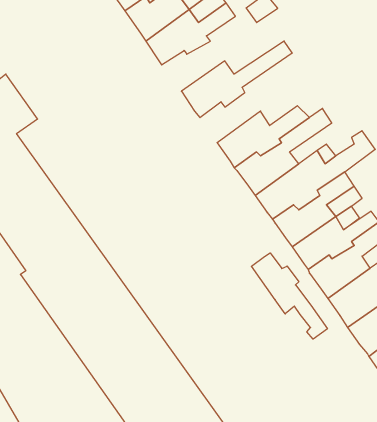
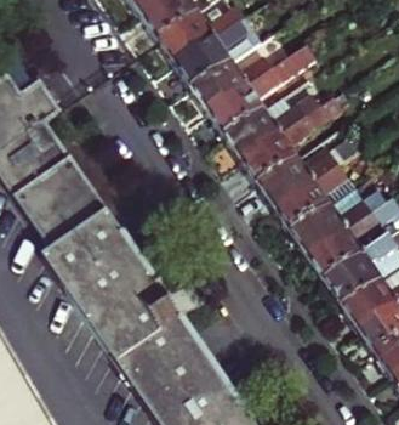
building: none -> [177,17,260,90]
building: none -> [212,55,306,137]
building: [251,253,327,339] -> none

